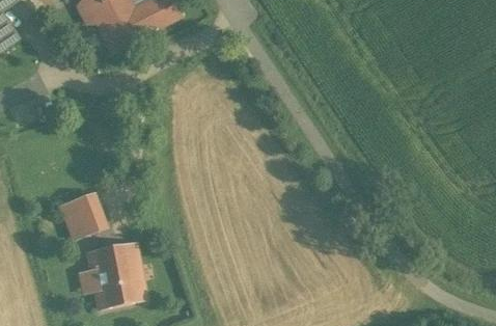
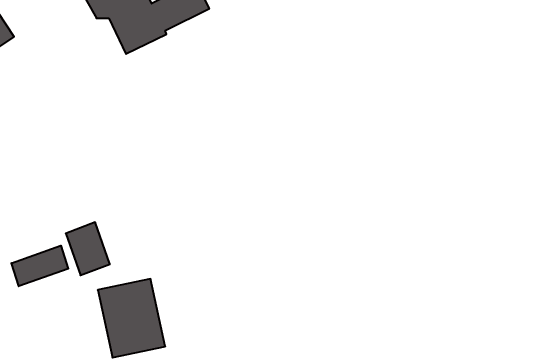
building: none -> [11,246,68,286]

